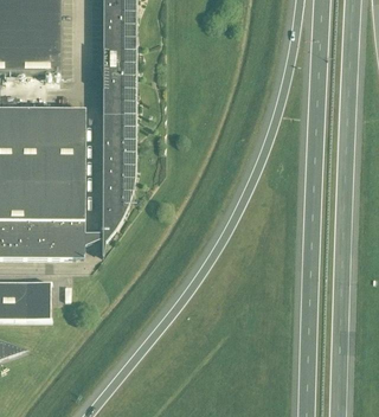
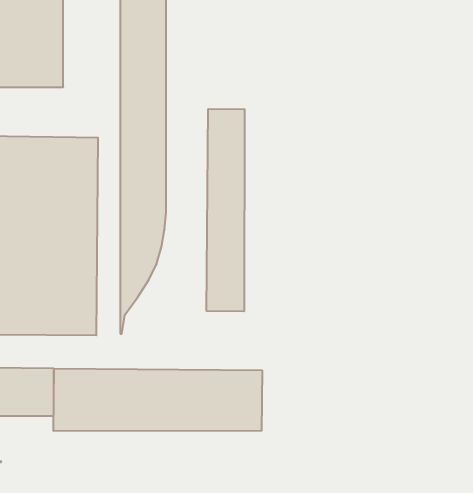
building: none -> [207,109,245,311]
building: none -> [54,369,262,431]

